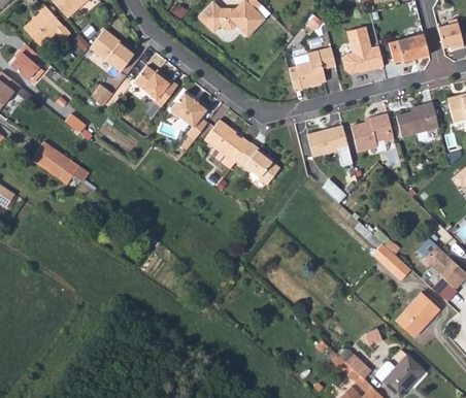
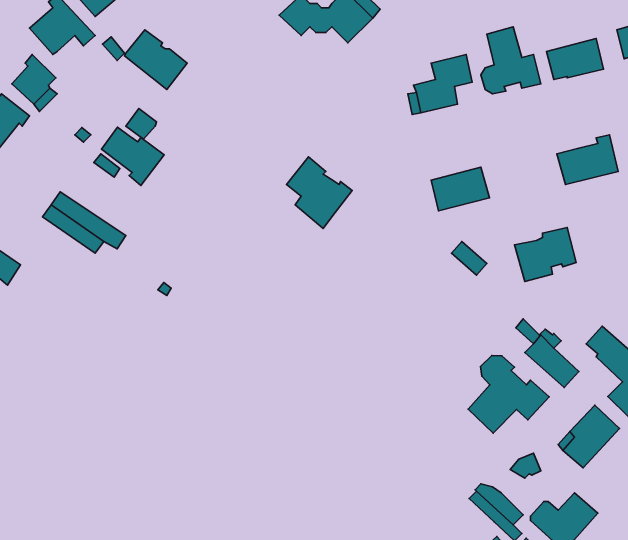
building: [133,65,177,106] -> [101,127,164,186]
building: [170,89,207,137] -> none
building: [350,113,393,152] -> [515,227,576,281]
building: [236,141,278,185] -> none
building: none -> [468,355,549,433]

